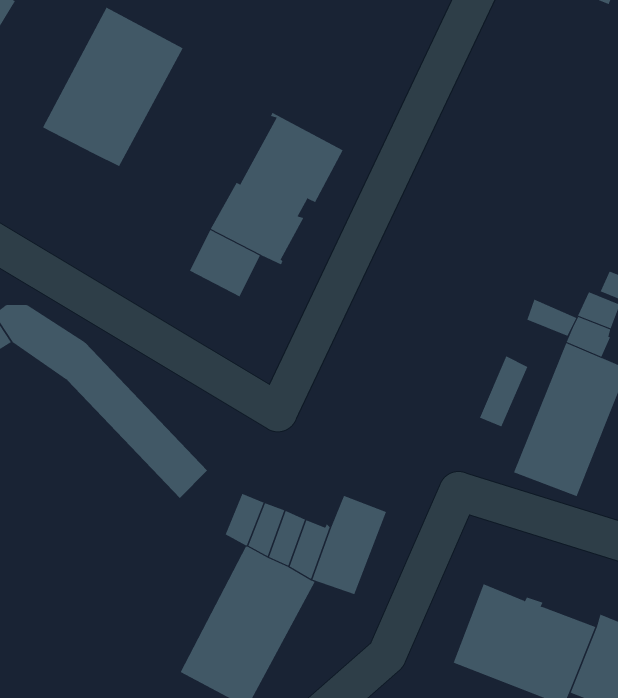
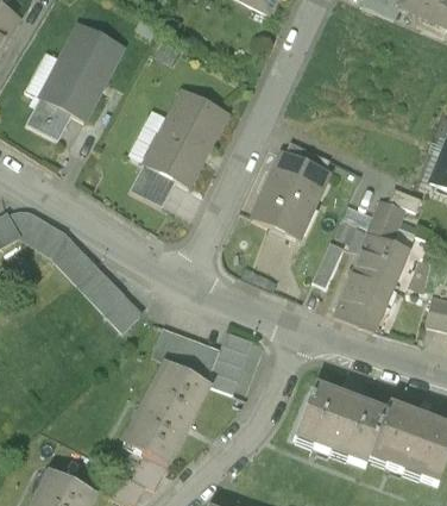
building: none -> [21,98,69,140]
building: none -> [252,152,327,236]

